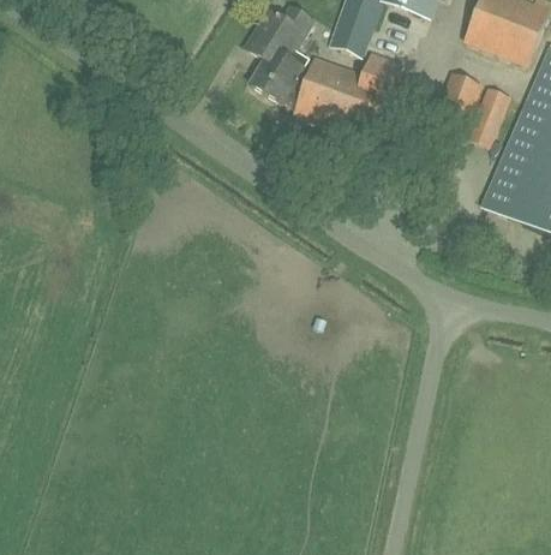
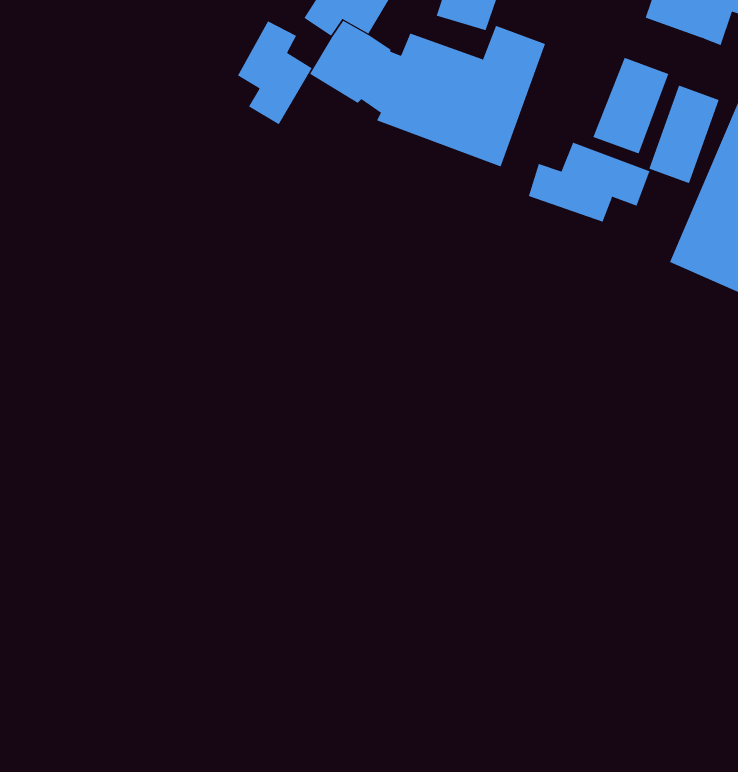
building: none -> [237,20,313,125]
building: none -> [528,142,650,222]

